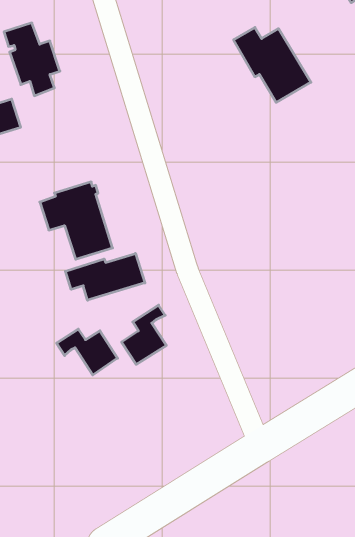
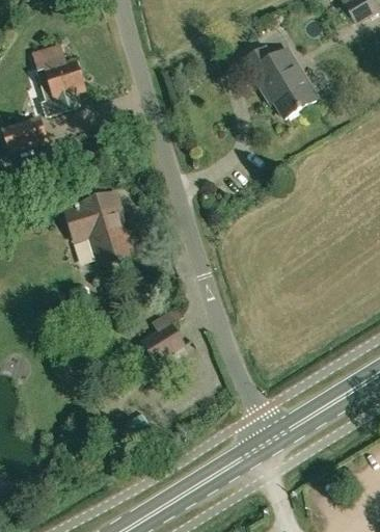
building: [65,253,145,300] -> none
building: [57,329,118,375] -> none

